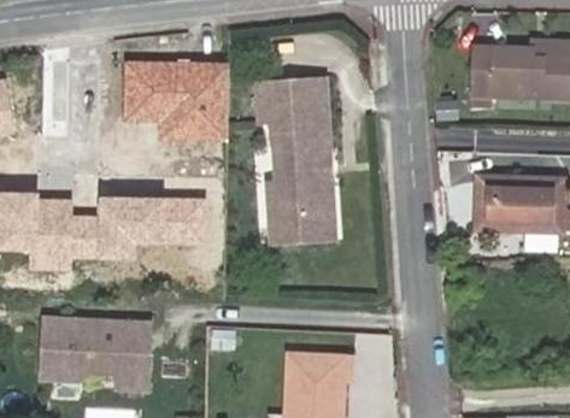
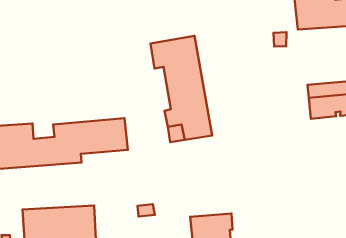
building: [119,57,231,142] -> none

